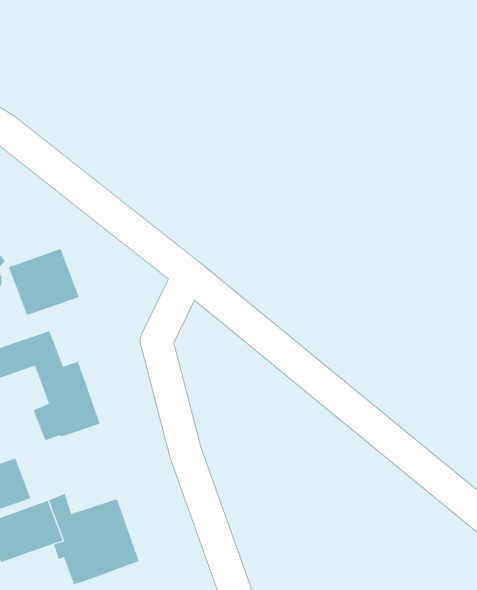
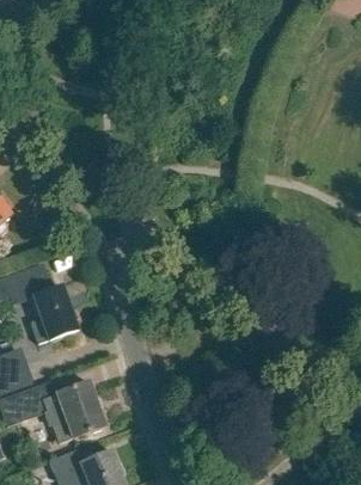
building: [8,248,79,316] -> none

